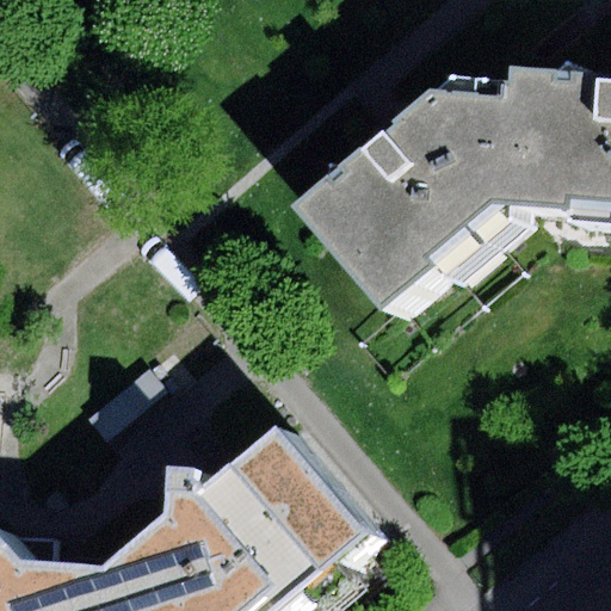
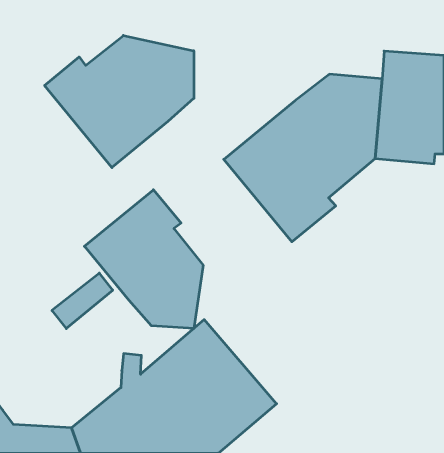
building: none -> [45,35,194,168]
building: none -> [84,190,203,329]

